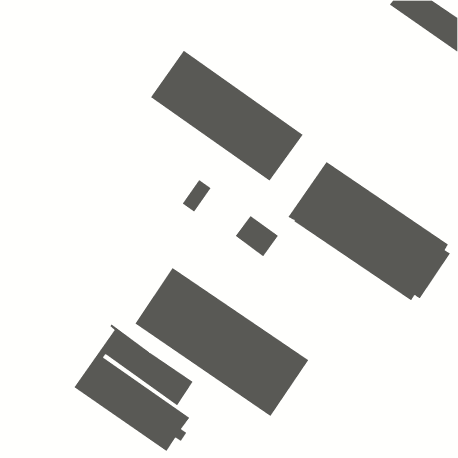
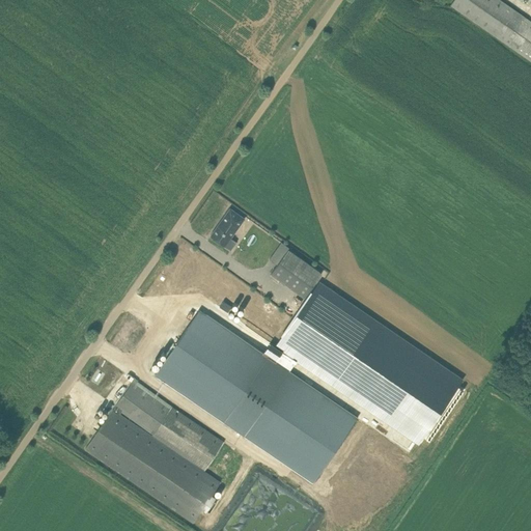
building: [150,50,304,182] -> none
building: [288,161,451,301] -> [276,282,465,444]

